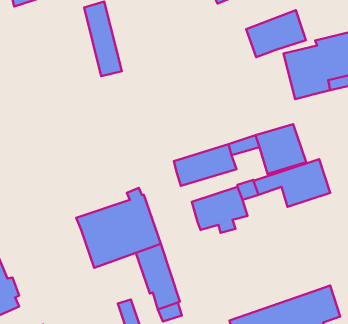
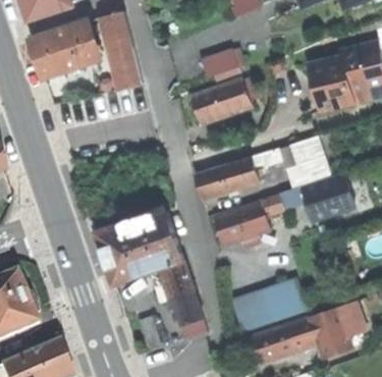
building: [246,10,306,57] -> [190,77,252,125]
building: none -> [32,20,102,77]
building: none -> [201,50,243,85]
building: none -> [230,280,303,331]

